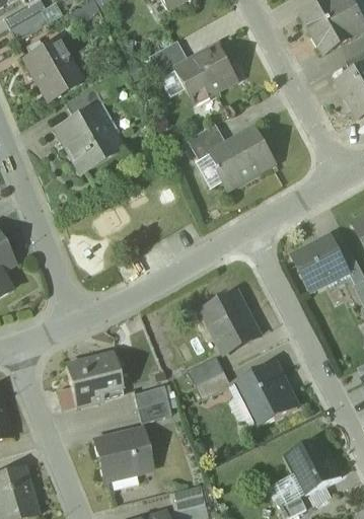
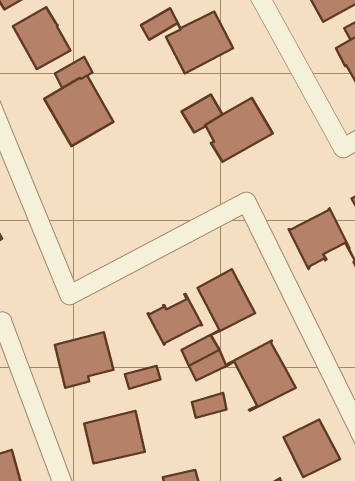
building: none -> [148,294,202,345]
building: [137,397,170,422] -> [192,393,226,418]

